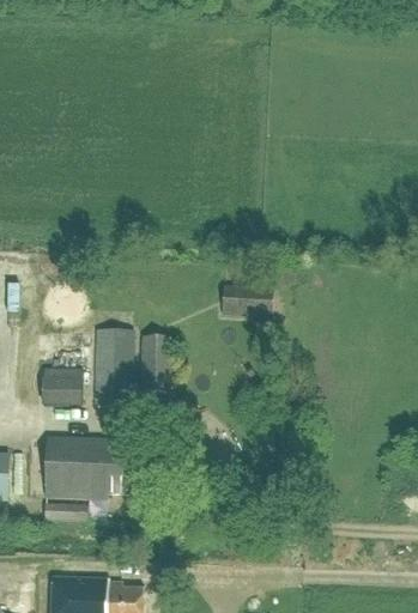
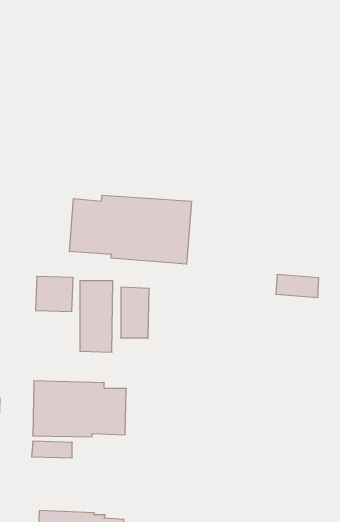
building: none -> [70,195,191,264]
building: [224,287,271,312] -> [276,274,319,298]
building: [42,366,83,405] -> [36,276,73,312]

